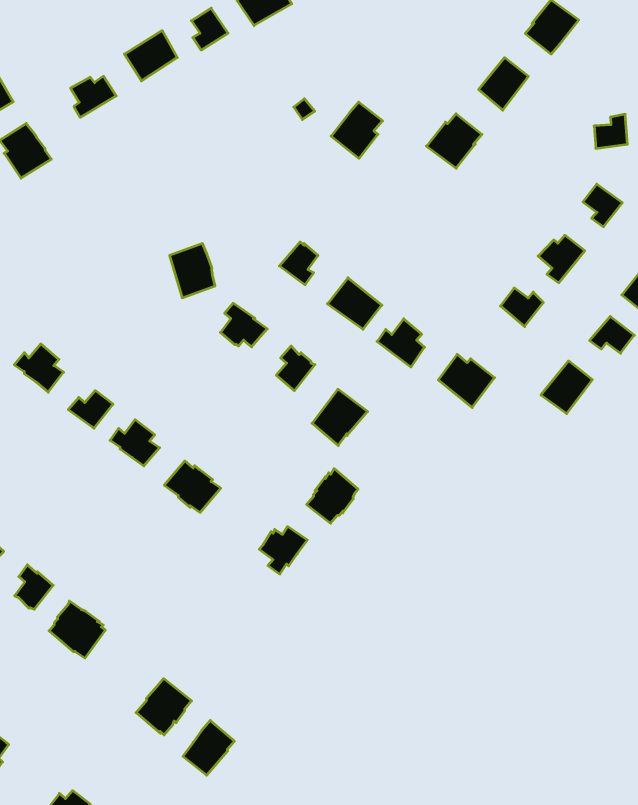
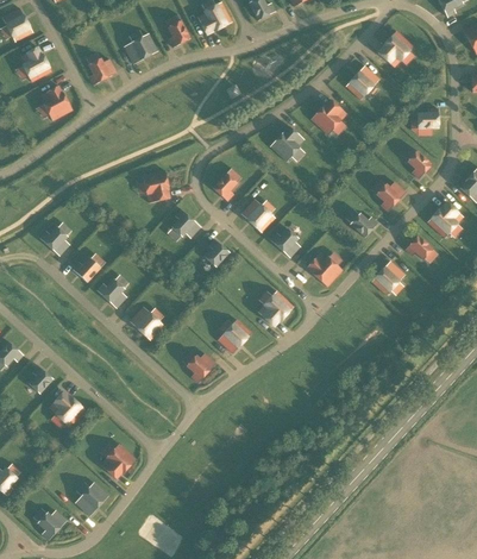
building: [331,102,383,158] -> [270,125,303,161]
building: [312,389,368,446] -> [258,290,294,326]
building: [183,720,234,775] -> [75,481,108,515]

